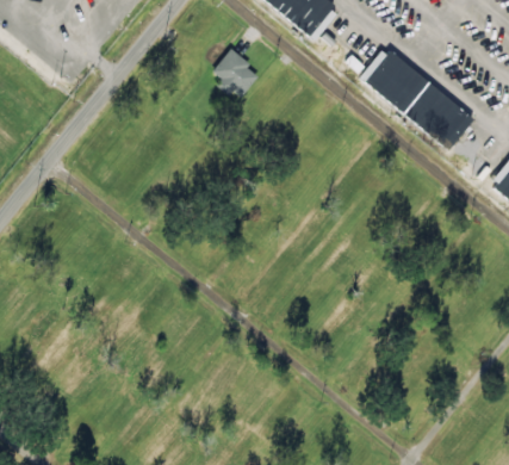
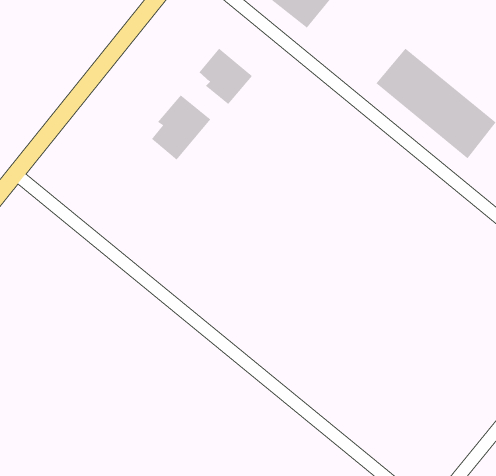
building: none -> [151,95,211,161]

